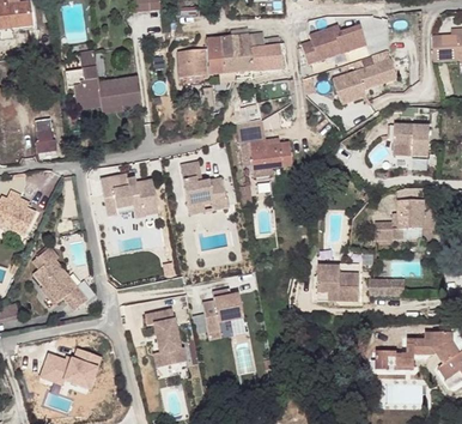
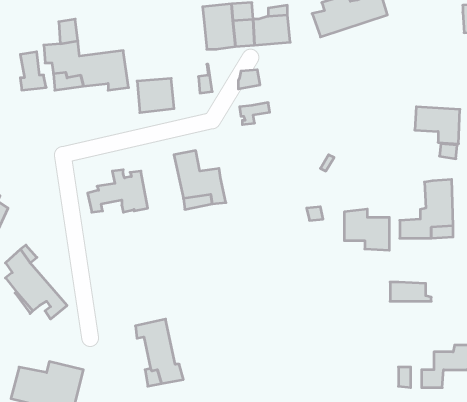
building: [177,47,209,77] -> [137,78,174,113]
building: [334,57,399,101] -> none
building: [36,117,59,151] -> [20,52,46,90]
building: [243,139,293,175] -> none
building: [321,264,360,299] -> [344,209,389,250]
building: [205,289,247,334] -> none

